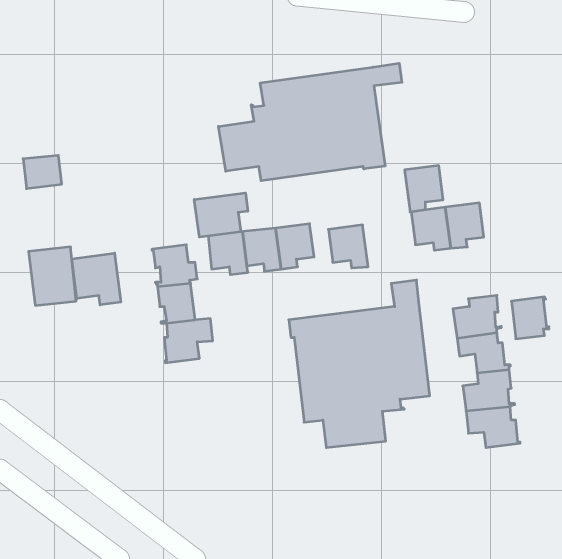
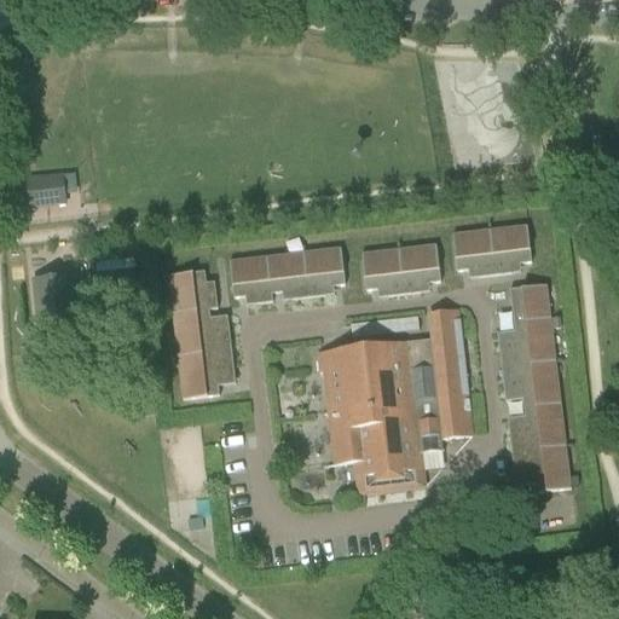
building: [218,63,402,181] -> none
building: [405,166,443,212] -> [399,242,441,293]
building: [194,193,248,237] -> none
building: [72,253,121,305] -> none
building: [511,297,549,339] -> [510,282,551,328]

